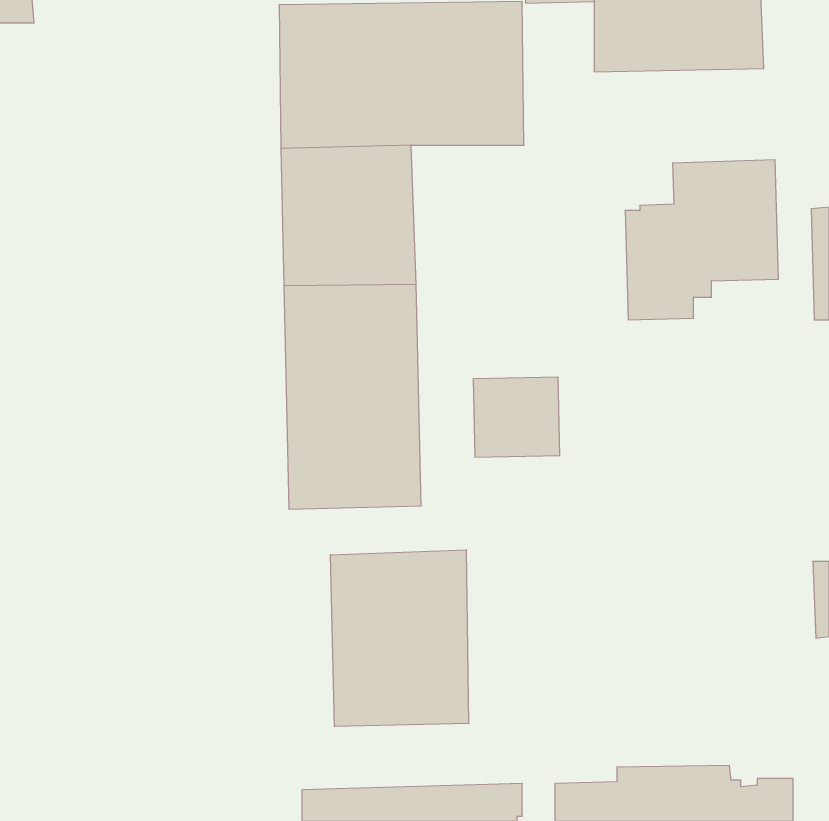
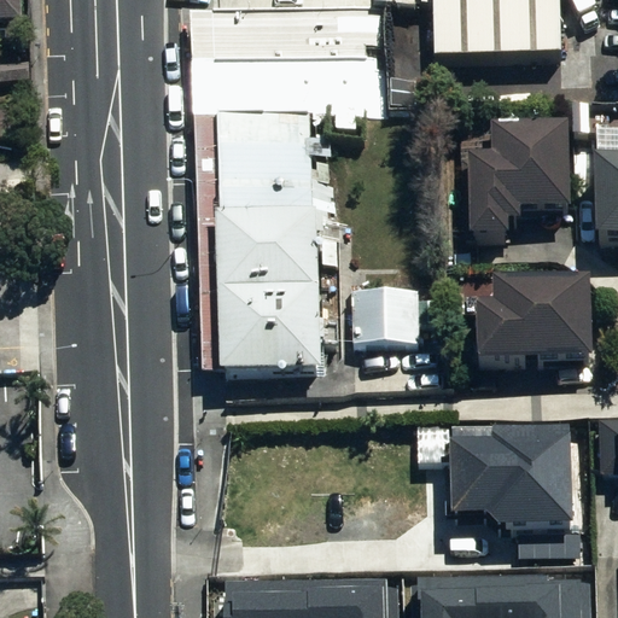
building: none -> [476,273,597,361]
building: [331,550,469,727] -> none
building: none -> [444,420,572,529]

